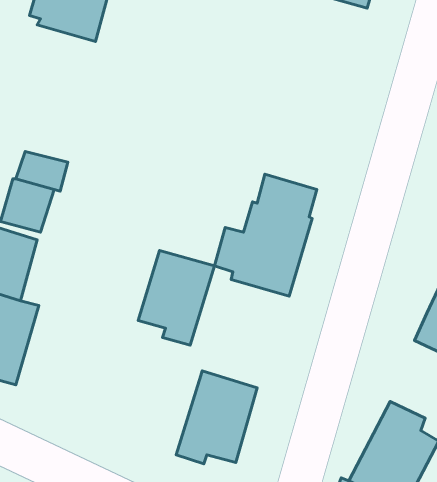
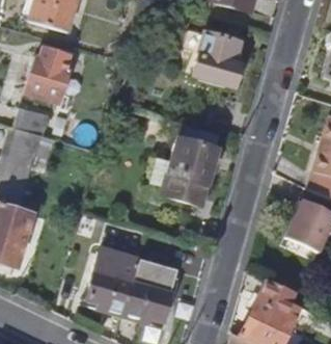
building: none -> [194,33,242,87]
building: none -> [25,47,72,104]
building: [138,250,214,345] -> [88,252,140,316]

